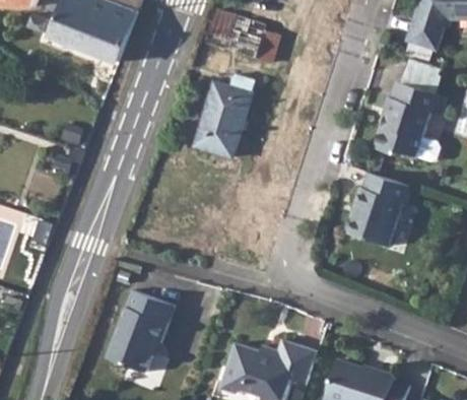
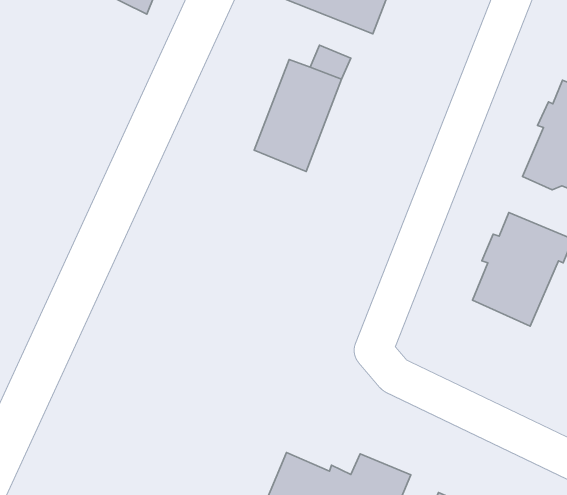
building: [108,292,175,375] -> none

